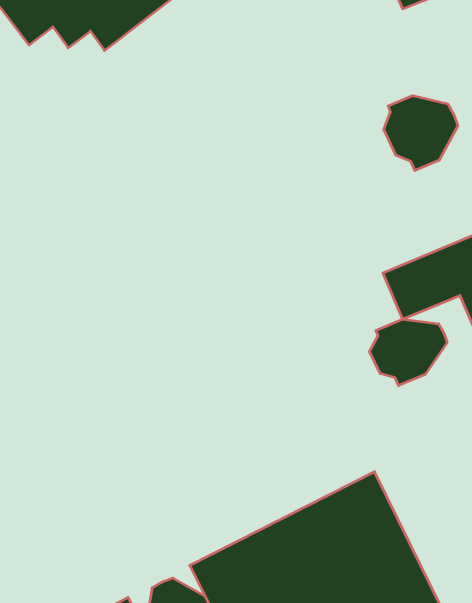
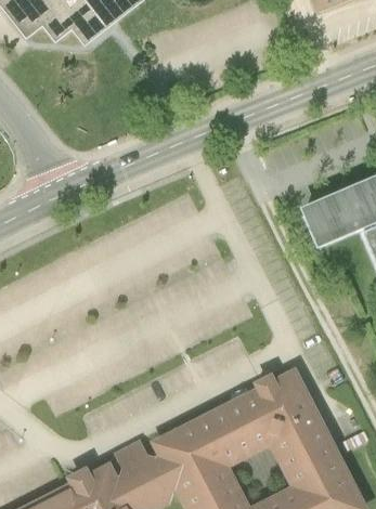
building: [384,96,458,171] -> none
building: [370,319,447,386] -> none

